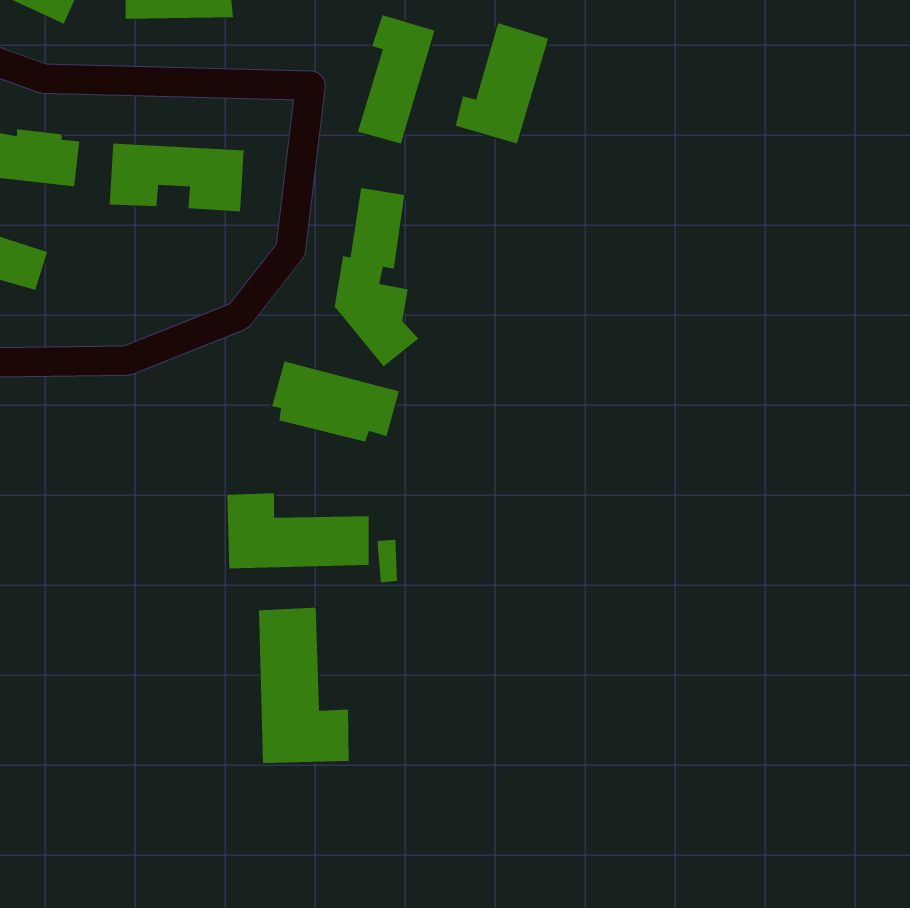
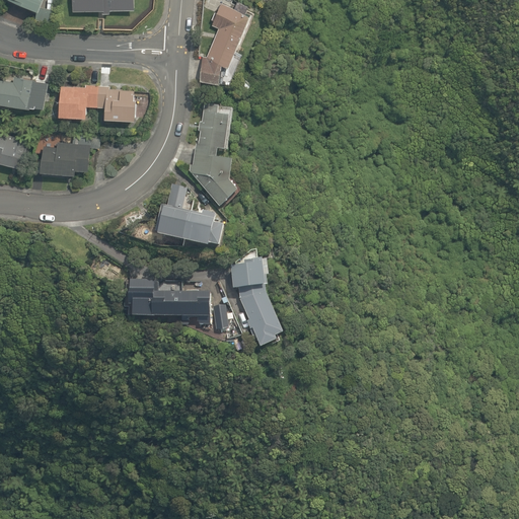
building: [455,22,549,145] -> none
building: none -> [44,130,100,173]
building: none -> [230,263,286,353]
building: [258,607,349,764] -> none

